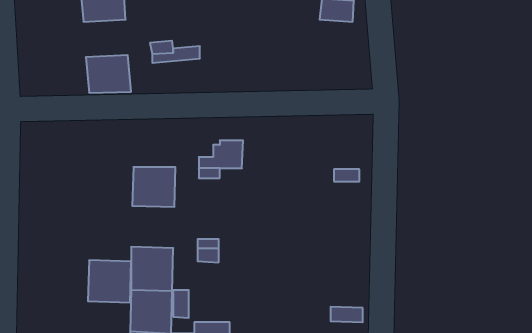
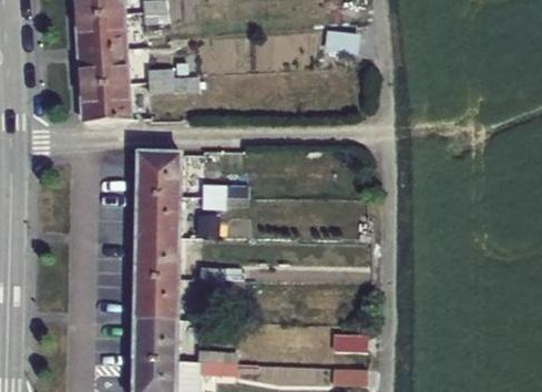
building: none -> [85,51,130,89]
building: none -> [135,149,178,198]
building: [88,260,131,302] -> [133,237,176,279]

